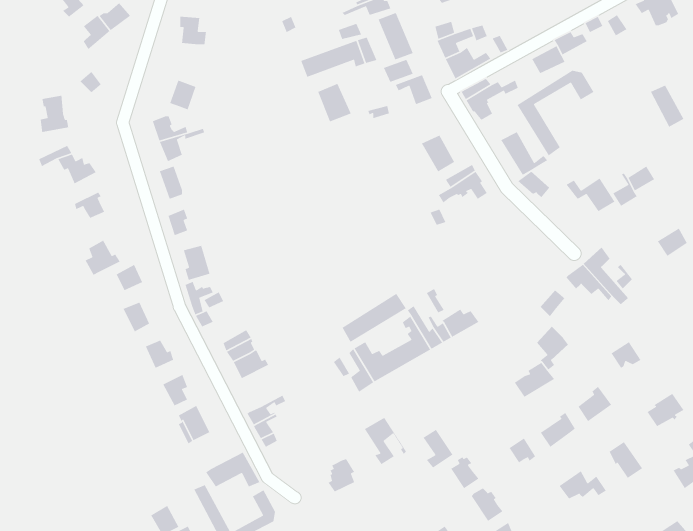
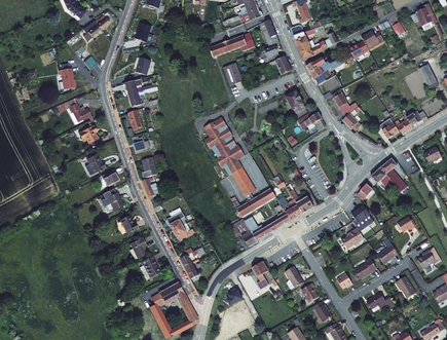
building: [516,70,595,156] -> none
building: none -> [204,119,258,198]

